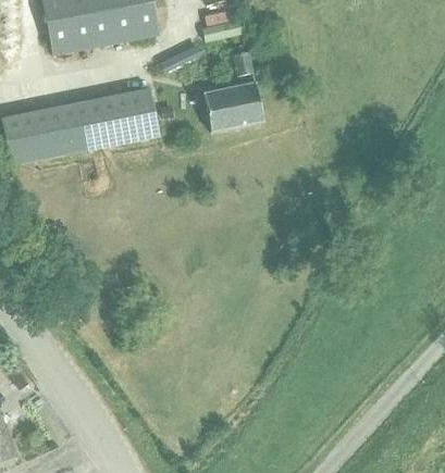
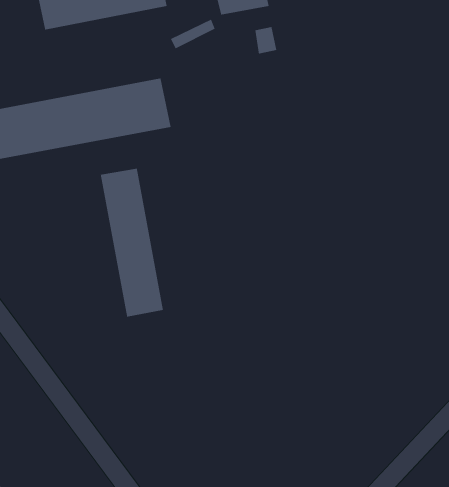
building: [202,82,262,132] -> none
building: none -> [100,168,164,318]

